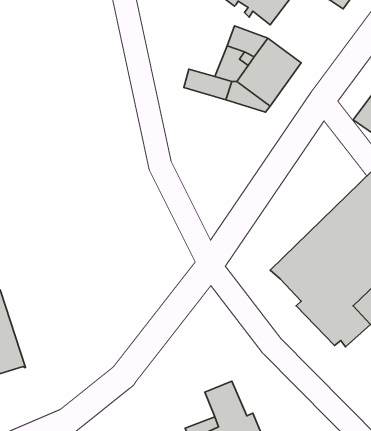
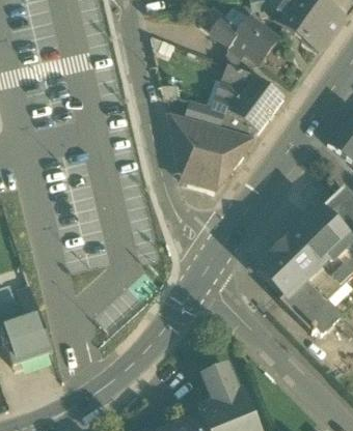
building: none -> [169,114,250,191]

